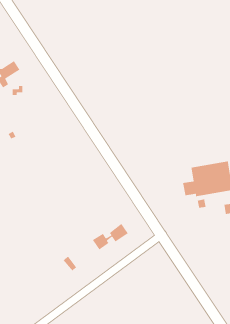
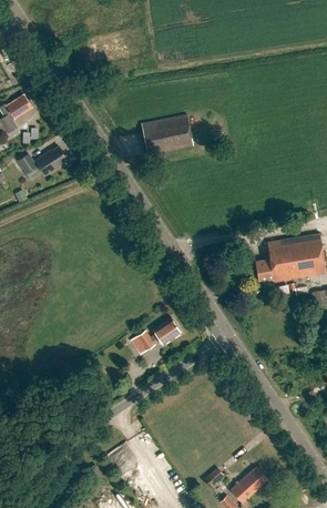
building: none -> [142,121,192,154]
building: none -> [19,146,68,175]

